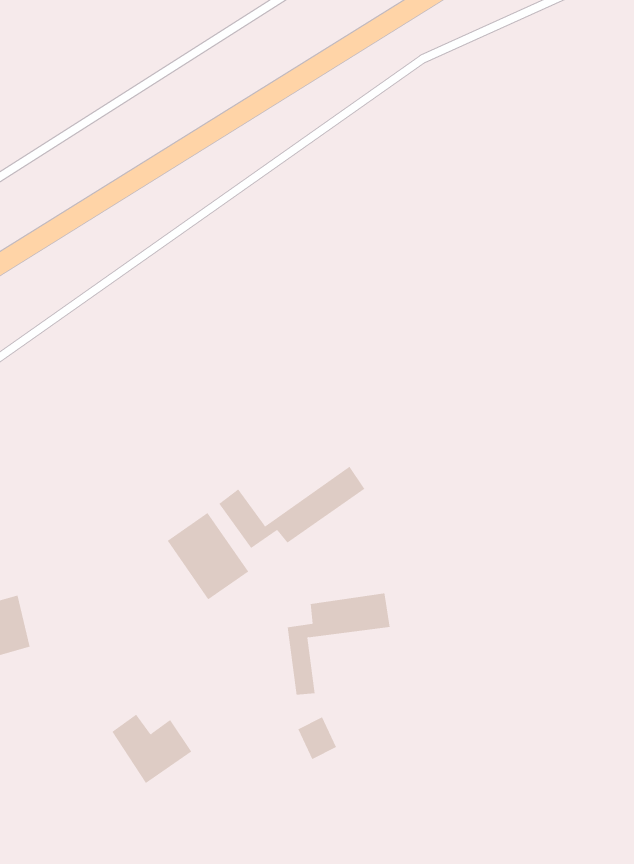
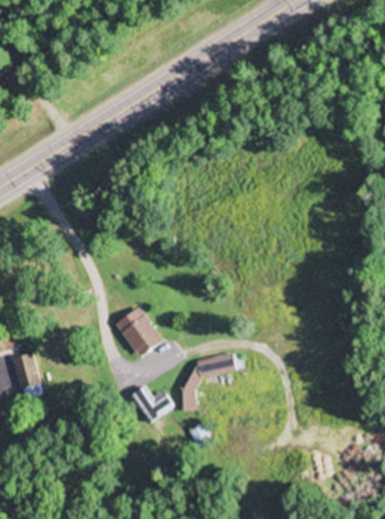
building: [218,466,365,549] -> none
building: [112,714,192,784] -> [130,384,175,424]

